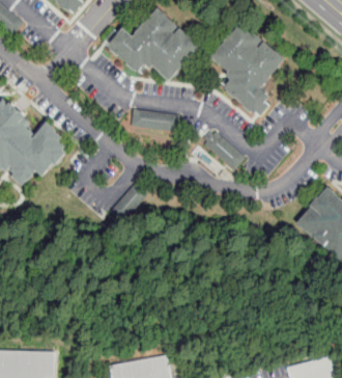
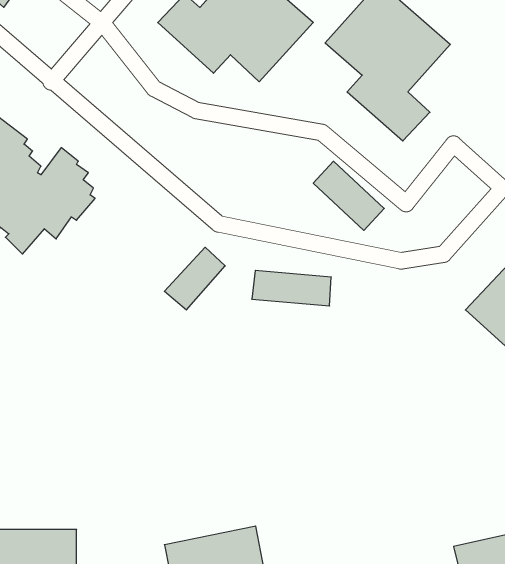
building: [127,110,176,132] -> [252,270,331,306]

